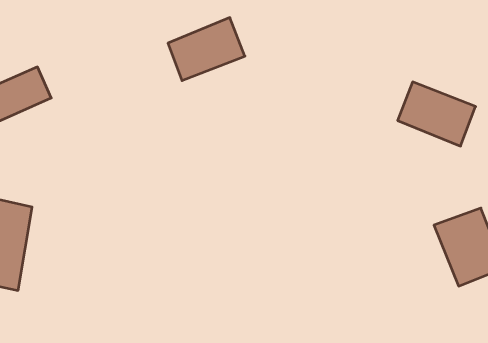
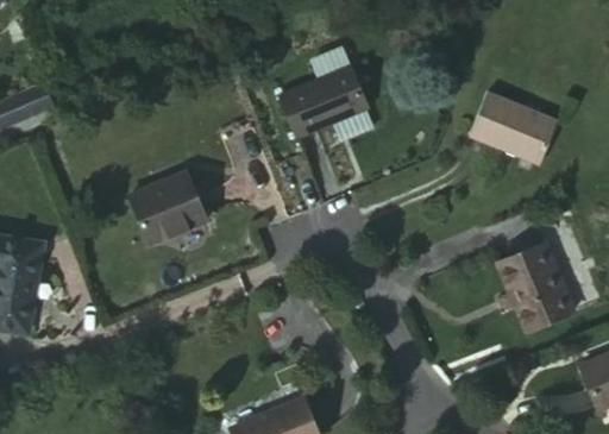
building: [168,18,245,81] -> [282,65,368,136]
building: none -> [128,170,205,243]

